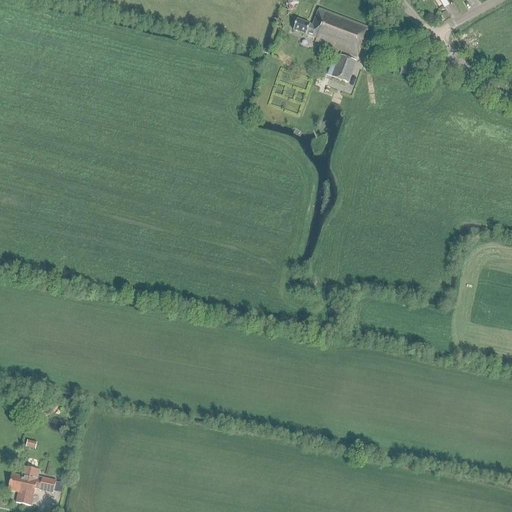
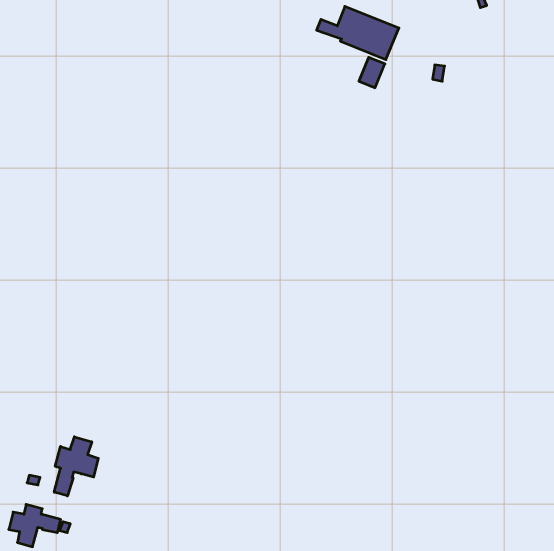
building: none -> [54,437,98,496]

